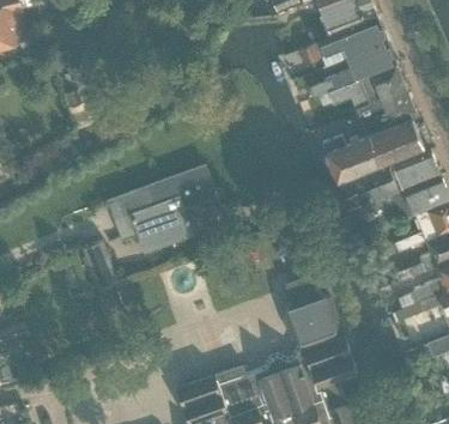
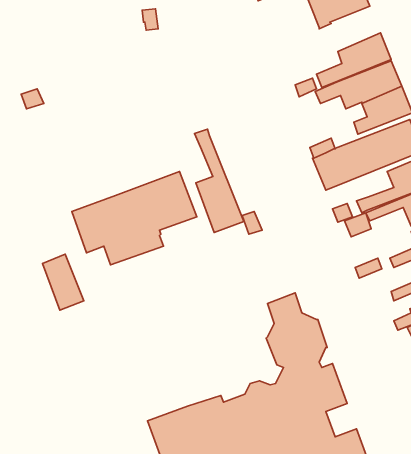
building: [297,20,386,67] -> none
building: none -> [194,129,244,232]

